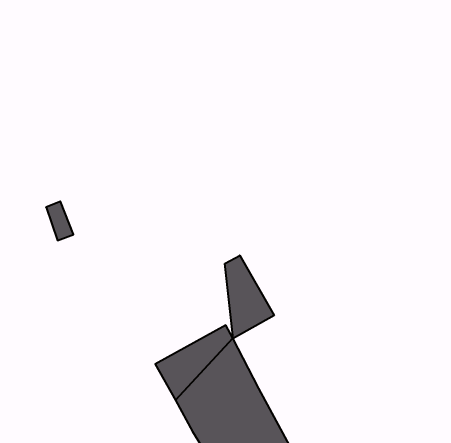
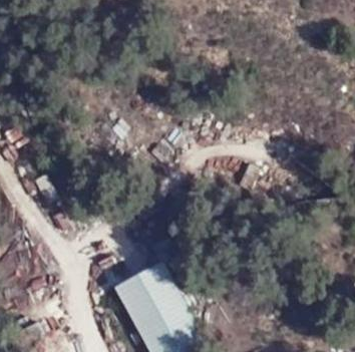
building: [225,255,274,338] -> none

